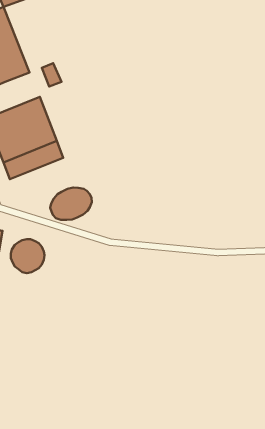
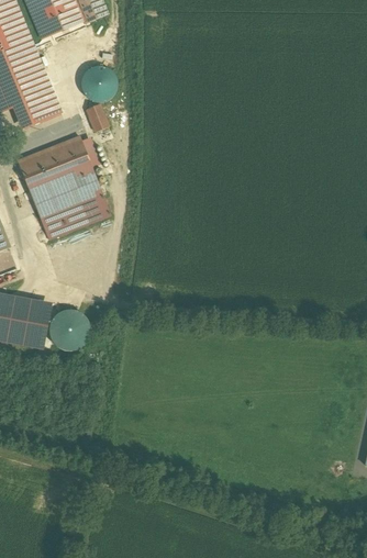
building: none -> [82,65,119,101]
building: [50,187,92,220] -> none

